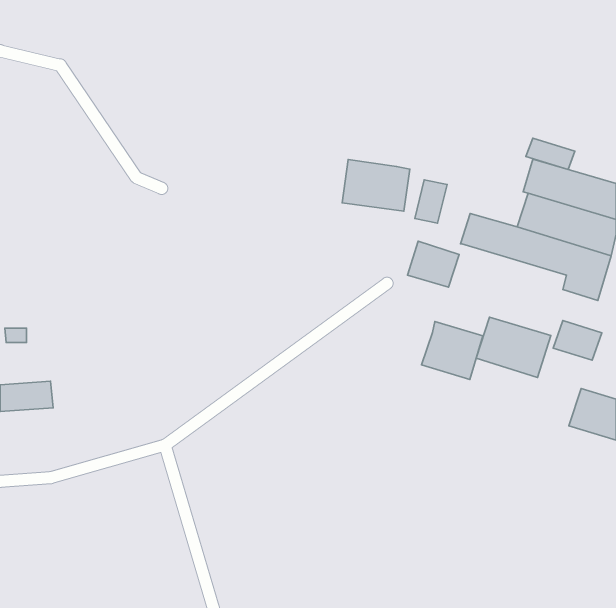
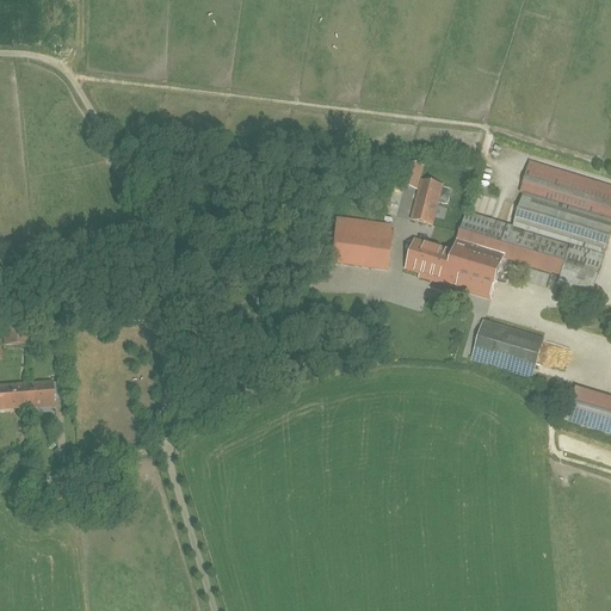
building: [526,138,575,169] -> none
building: [342,159,410,211] -> [328,221,395,272]
building: [553,321,602,360] -> none
building: [421,322,483,379] -> [444,241,505,298]

